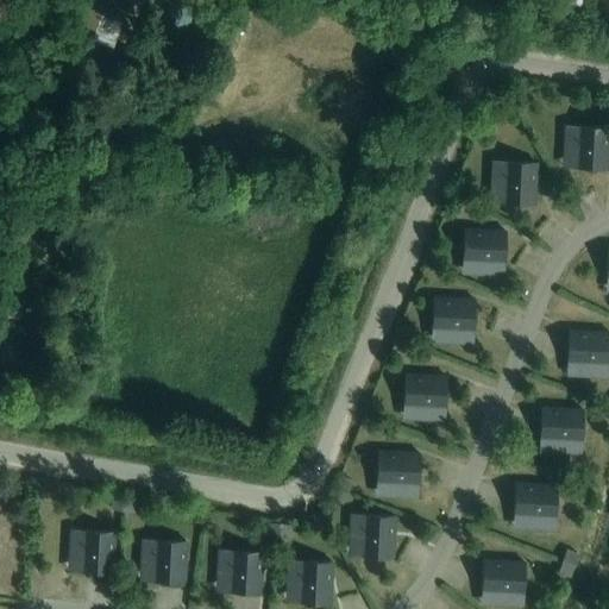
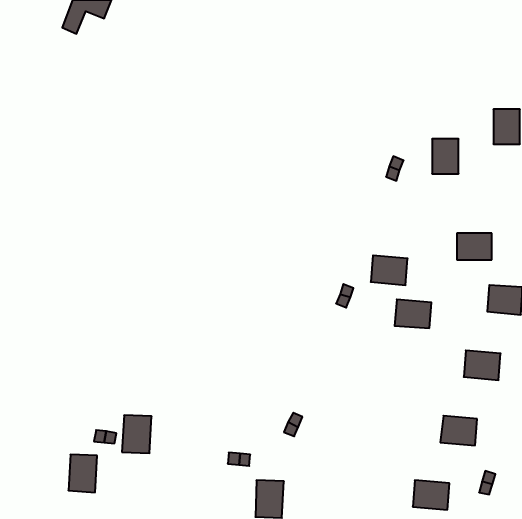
building: [464,234,504,265] -> [457,233,492,260]
building: [403,379,446,413] -> [395,299,431,328]
building: [378,456,421,490] -> none
building: [359,516,394,561] -> none
building: [151,542,186,586] -> [122,415,152,453]
building: [227,552,262,597] -> none

